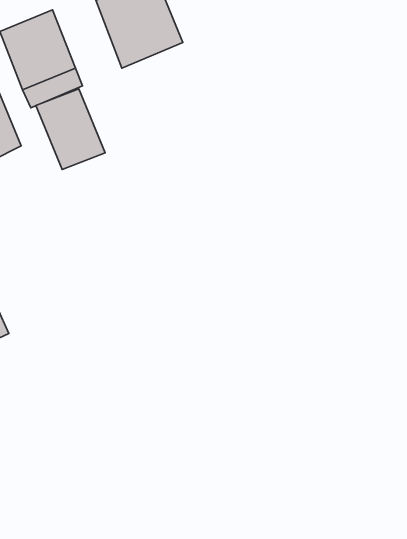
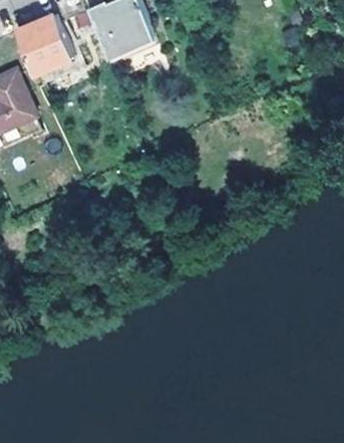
building: [36,89,105,170] -> none

